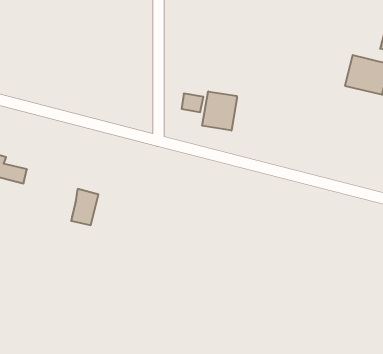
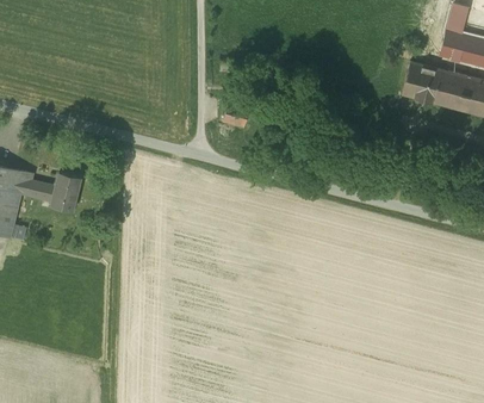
building: [202,91,237,131] -> none
building: [71,189,98,225] -> [51,173,81,212]

